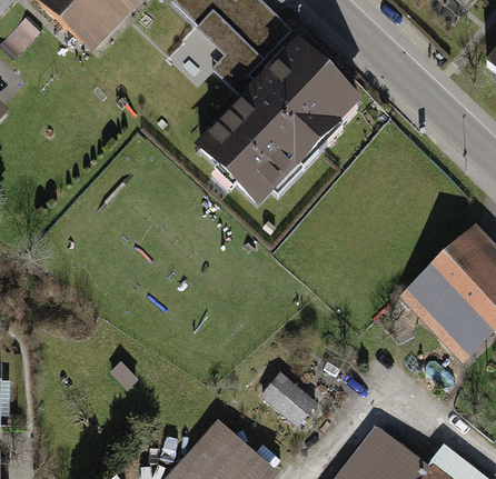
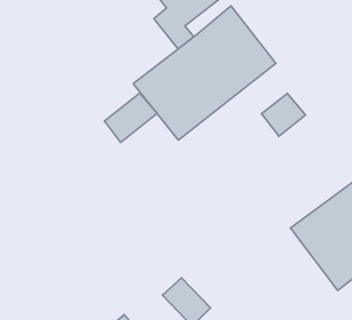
building: none -> [261,93,305,136]
building: none -> [104,93,157,142]

